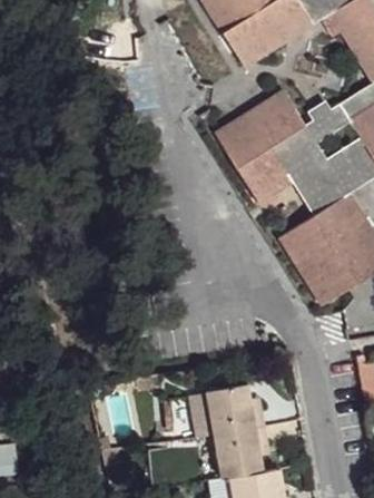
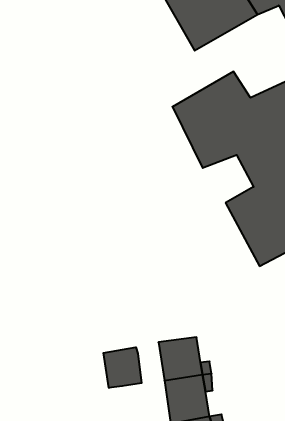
building: none -> [103,347,142,388]

